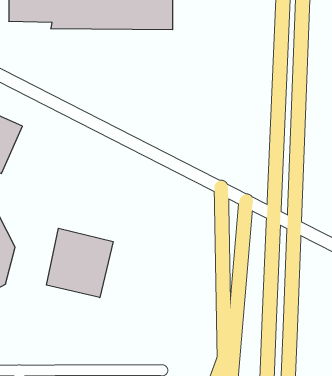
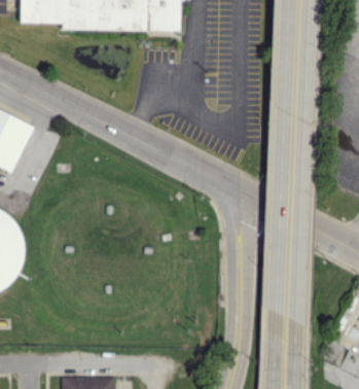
building: [46,228,113,298] -> none

